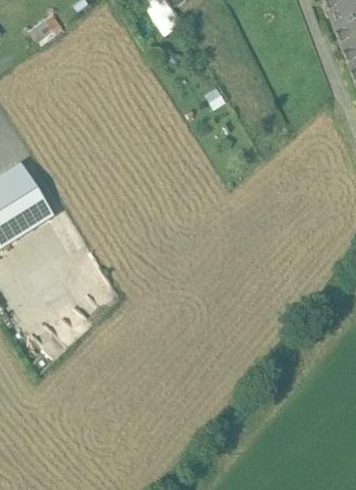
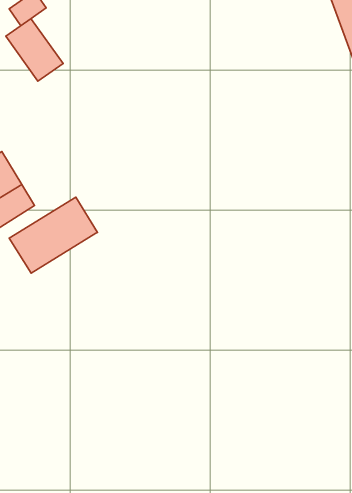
building: none -> [6,18,63,81]
building: none -> [9,197,98,273]

